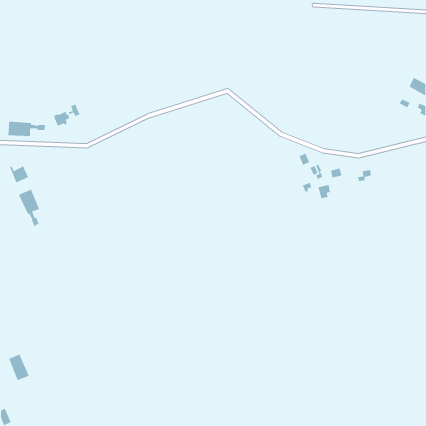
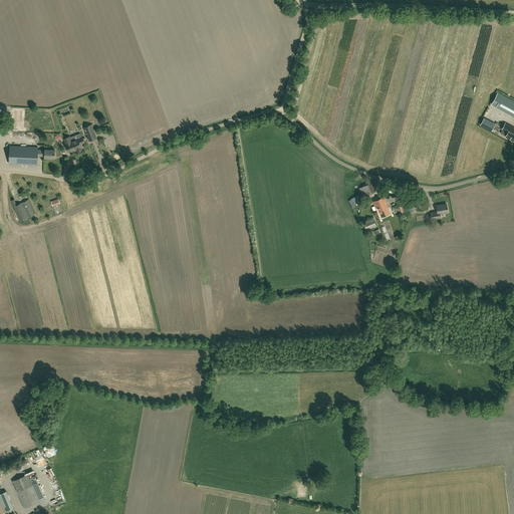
building: [18,188,40,227] -> none
building: [8,354,30,381] -> [13,475,39,508]

